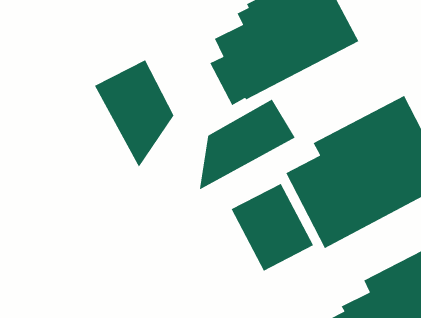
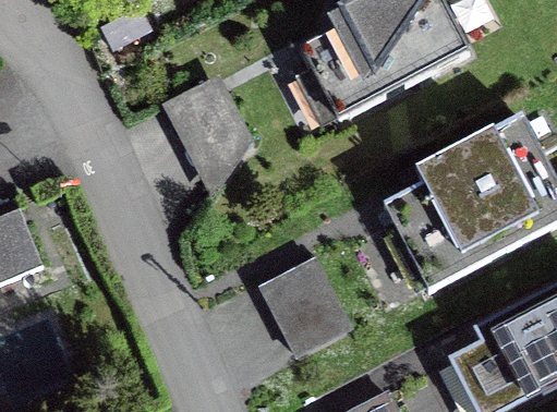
building: [199,99,296,191] -> none
building: [231,183,314,272] -> [257,253,354,356]

